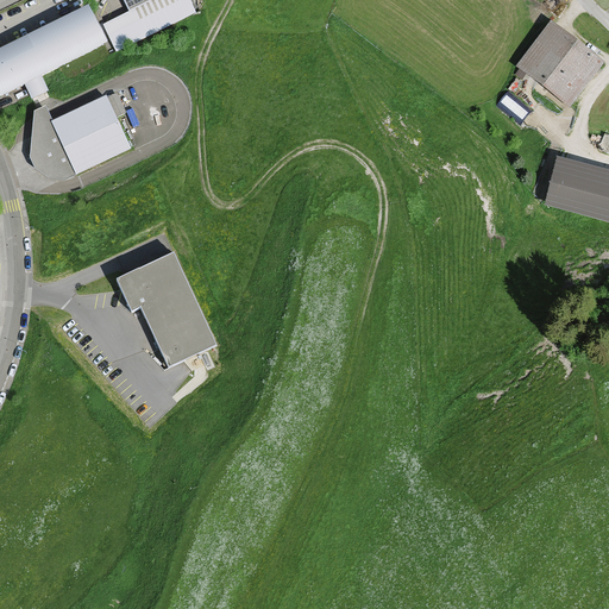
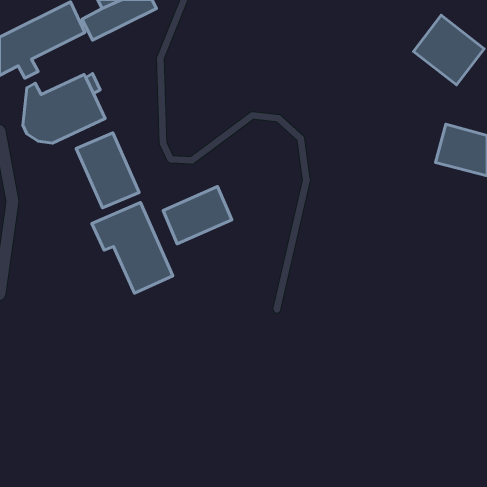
building: none -> [76,133,139,208]
building: none -> [163,186,232,244]

